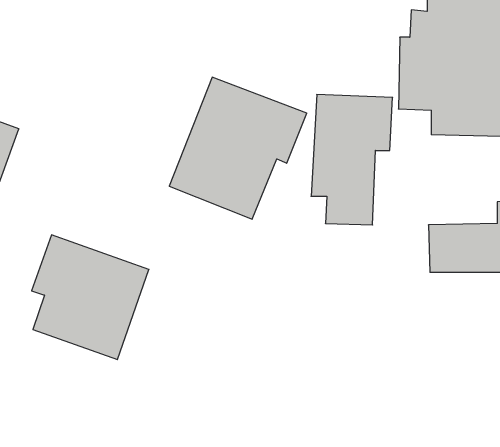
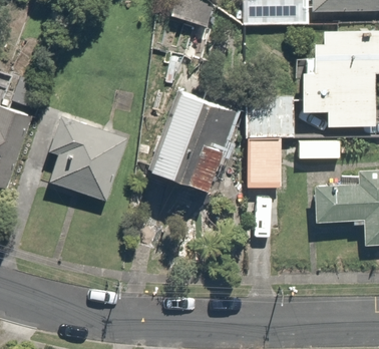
building: [32,235,149,360] -> [43,113,125,201]

